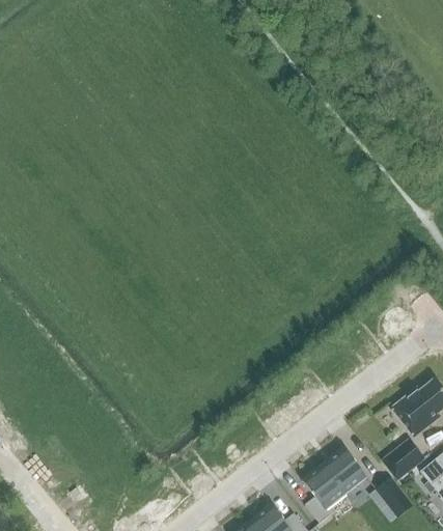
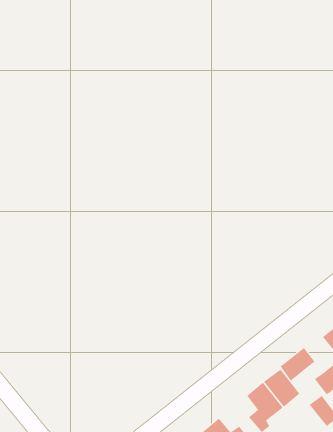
building: none -> [280,347,315,382]

